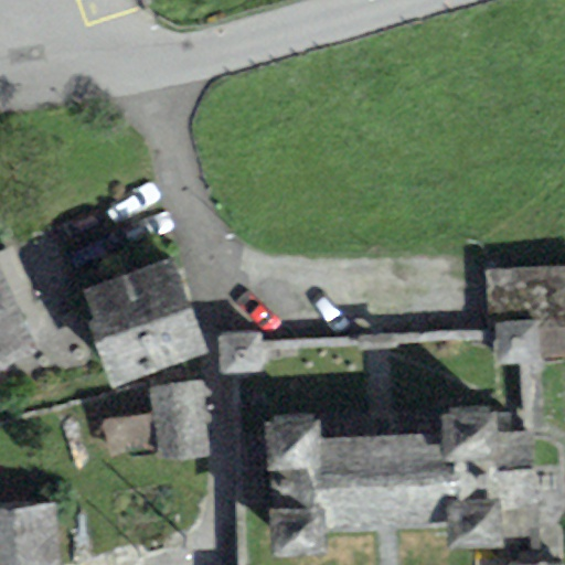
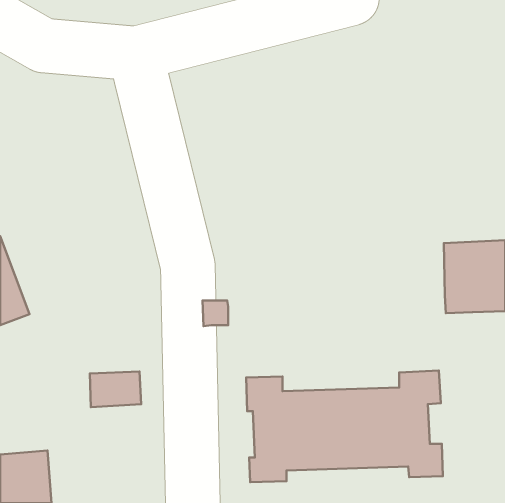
building: [86,257,205,387] -> none
building: [152,381,211,461] -> none

